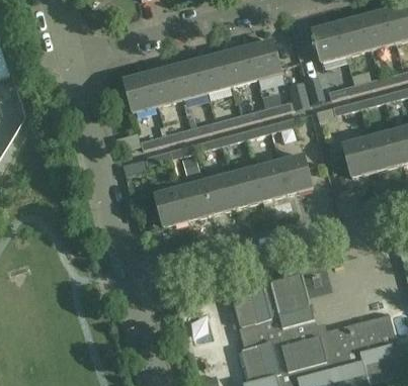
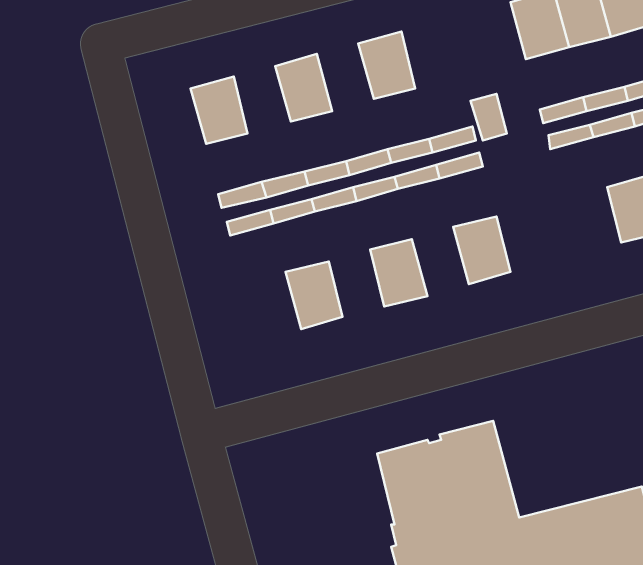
building: [247,39,280,79] -> none
building: [197,53,231,92] -> none
building: [149,66,182,105] -> none
building: [342,136,376,176] -> none
building: [253,160,287,200] -> none
building: [205,173,237,212] -> none
building: [155,186,188,226] -> none

